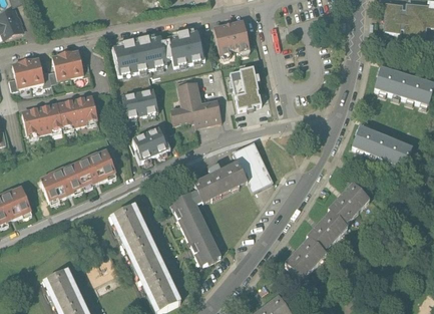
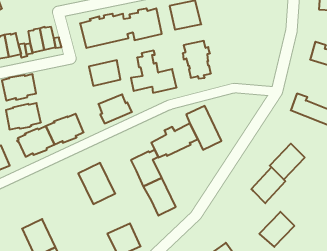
building: [57,96,97,126] -> [6,103,41,129]
building: [285,238,325,278] -> [259,212,294,247]
building: [126,241,168,287] -> none

